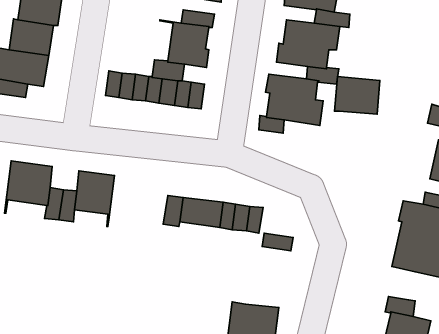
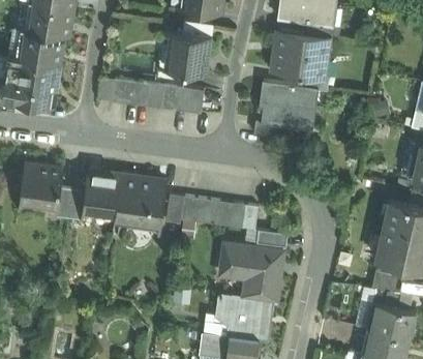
building: [334,77,380,114] -> none
building: none -> [115,176,167,223]
building: none -> [220,242,283,300]
building: none -> [371,261,400,292]

